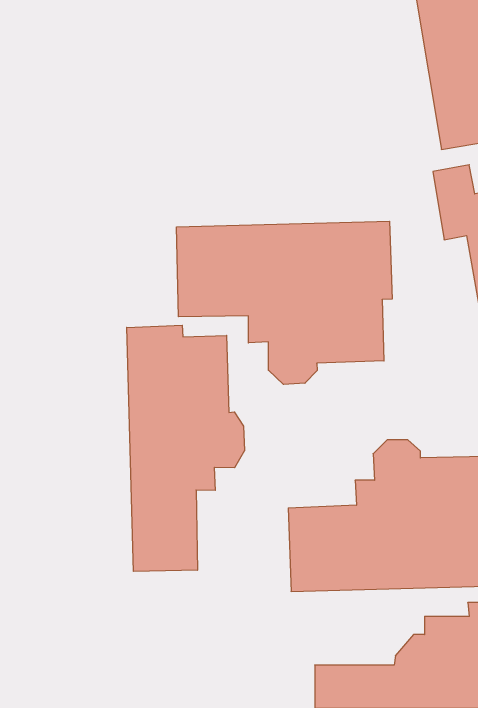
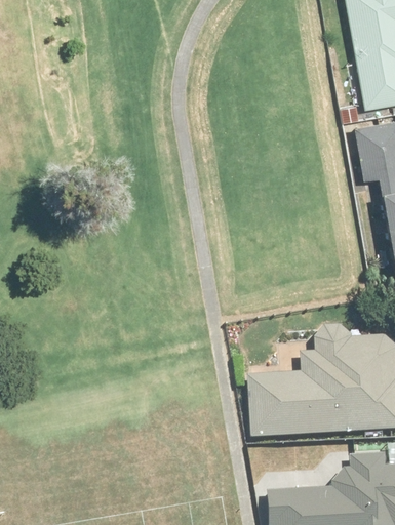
building: [177,221,392,384] -> none
building: [127,325,245,571] -> none

